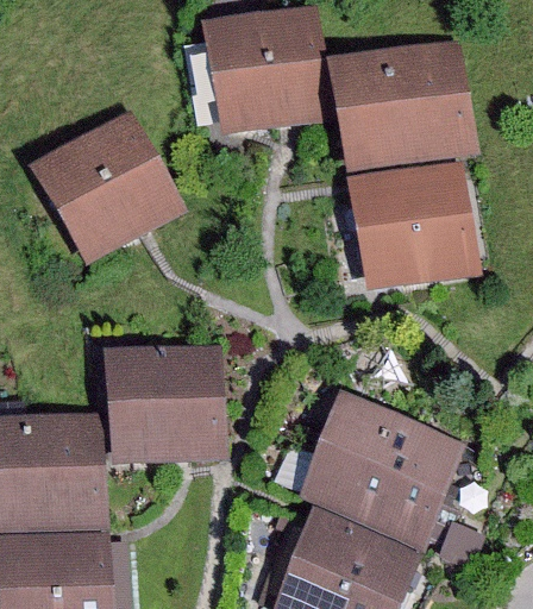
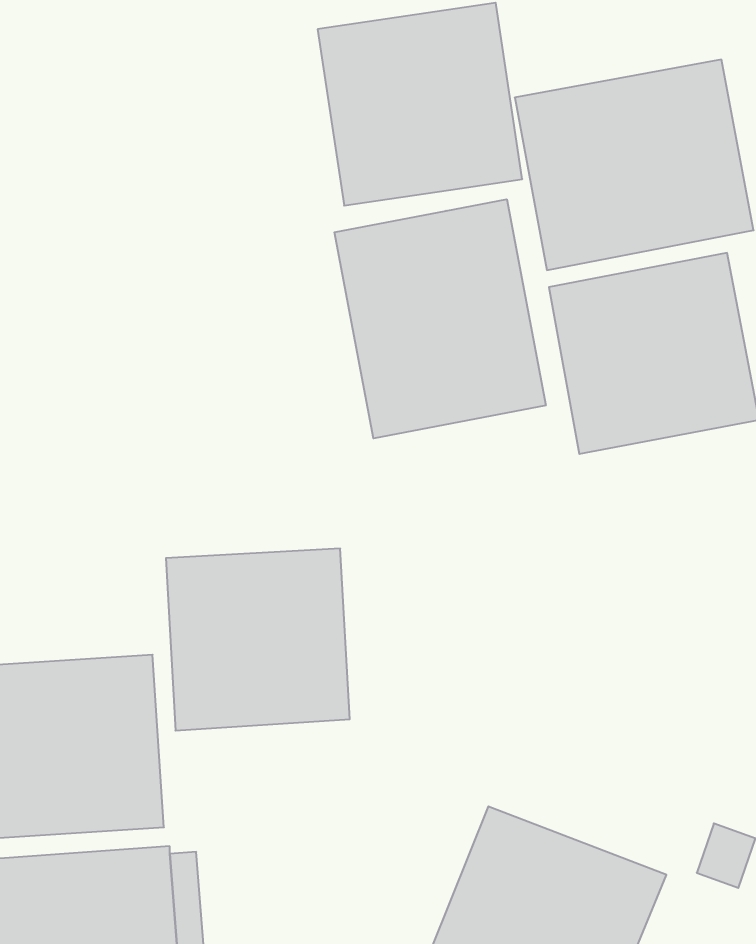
building: [33,112,183,262] -> none
building: none -> [334,199,546,438]
building: [301,394,466,545] -> none

